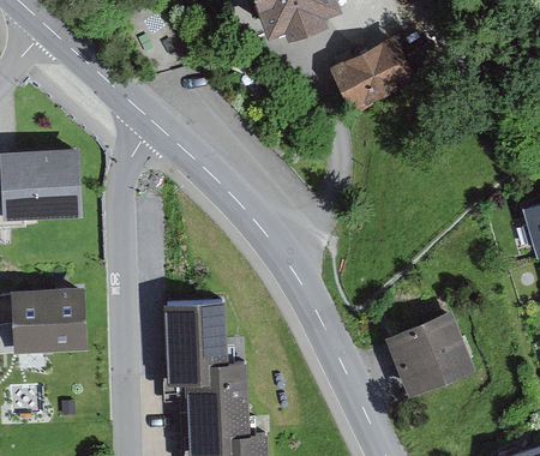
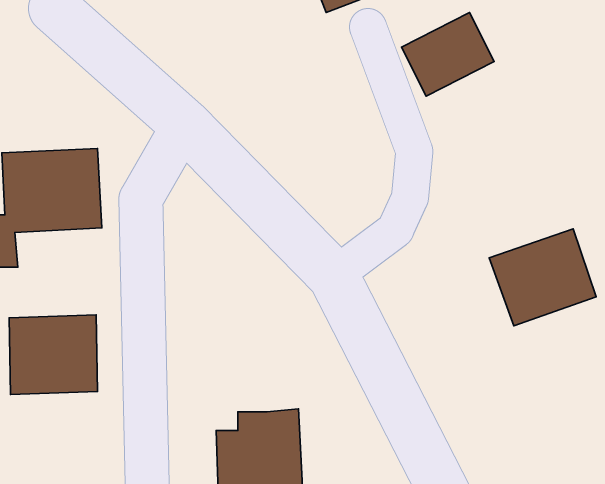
building: [157,307,224,385] -> none
building: [386,318,475,398] -> [489,229,596,326]

